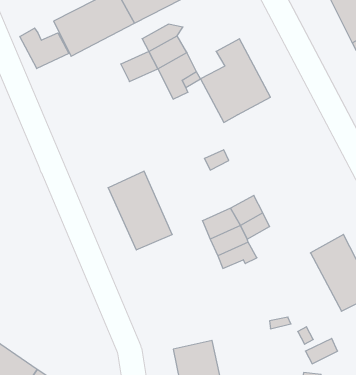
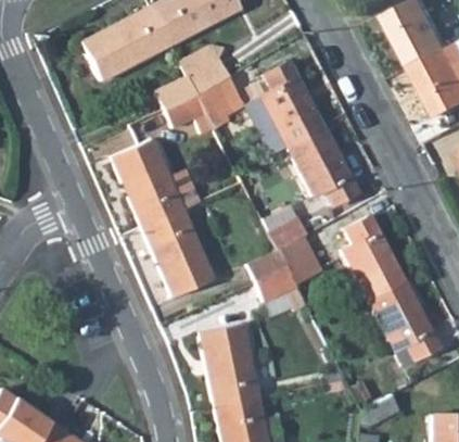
building: [20,28,69,69] -> none
building: none -> [166,94,215,134]
building: none -> [286,126,358,206]
building: none -> [112,139,200,227]
building: none -> [264,205,308,250]
building: none -> [342,215,405,300]
building: none -> [200,324,258,407]

